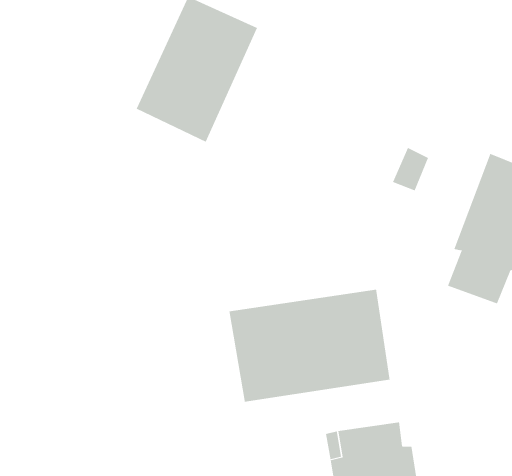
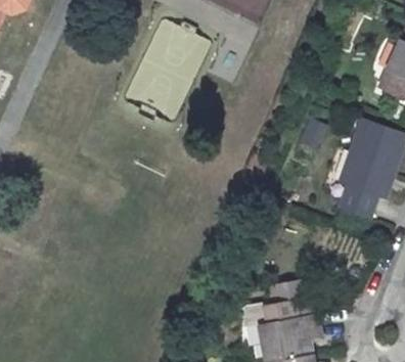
building: [229,289,390,403] -> none

